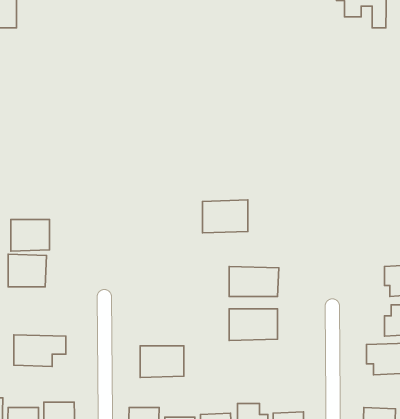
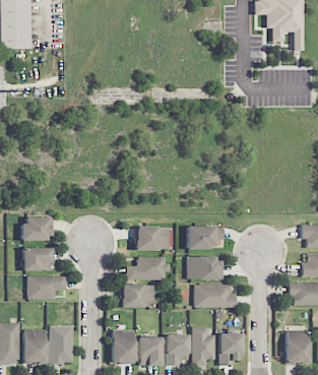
building: [203,200,248,233] -> [135,226,169,250]
building: [11,220,49,251] -> [23,247,52,270]
building: none -> [126,256,167,278]
building: none -> [194,284,236,307]

